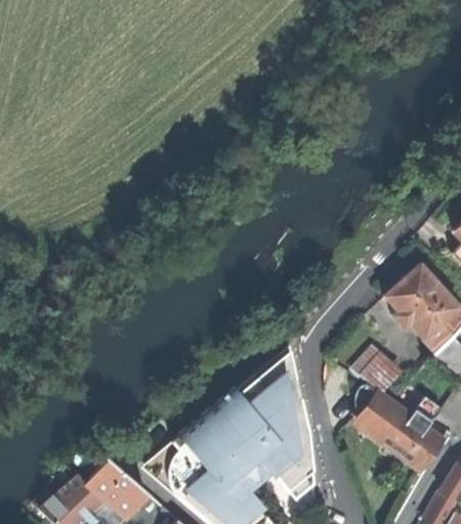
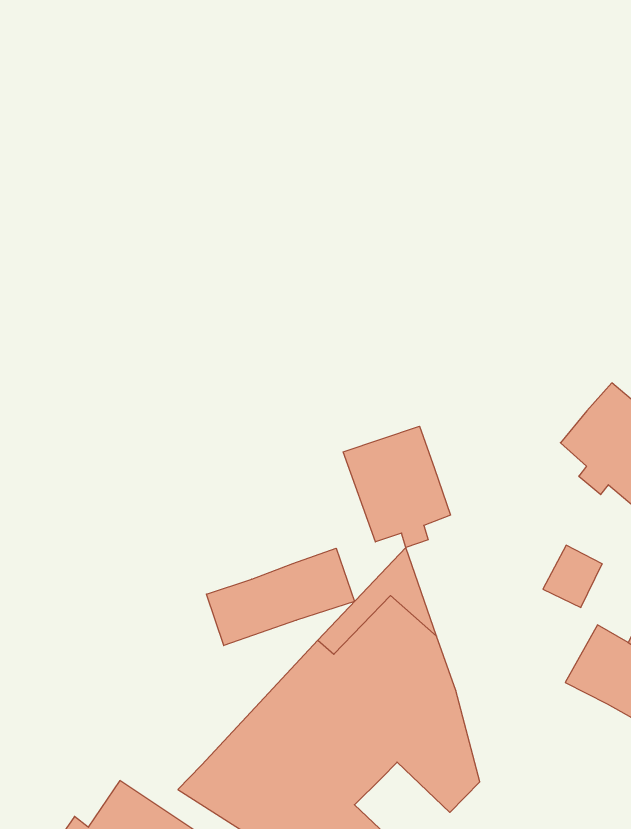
building: none -> [343,426,450,547]
building: none -> [206,548,354,646]
building: [354,383,394,434] -> none

